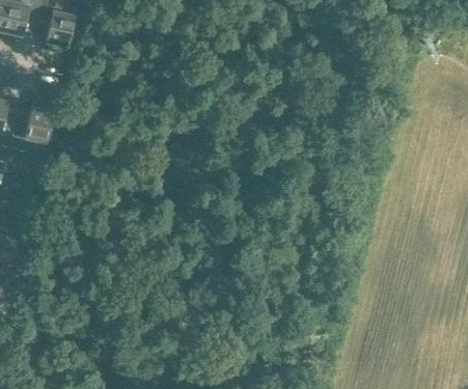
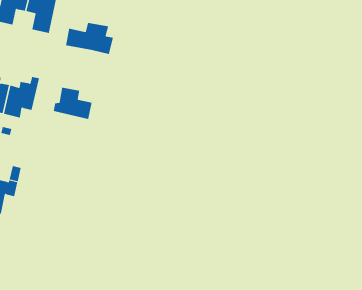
building: none -> [65,22,113,55]
building: none -> [53,87,92,120]

